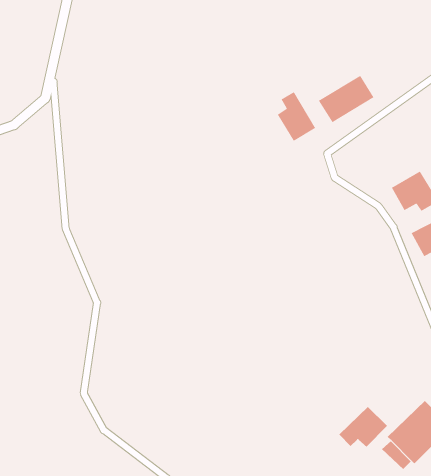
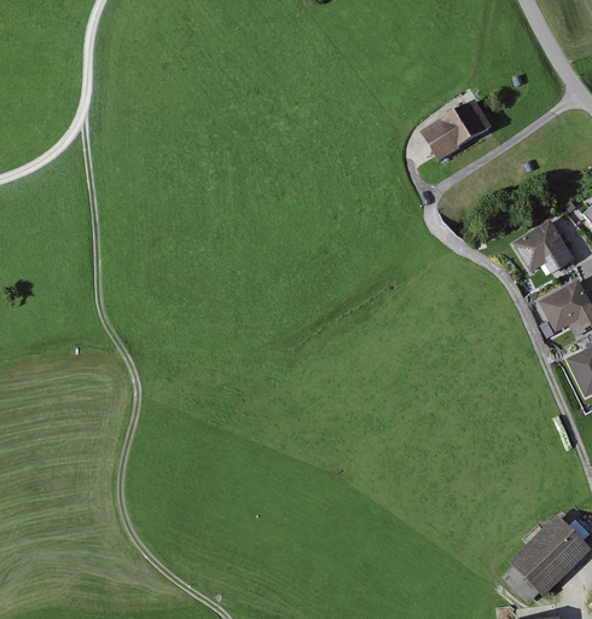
building: [277,91,316,142] -> none
building: [338,406,388,448] -> none

